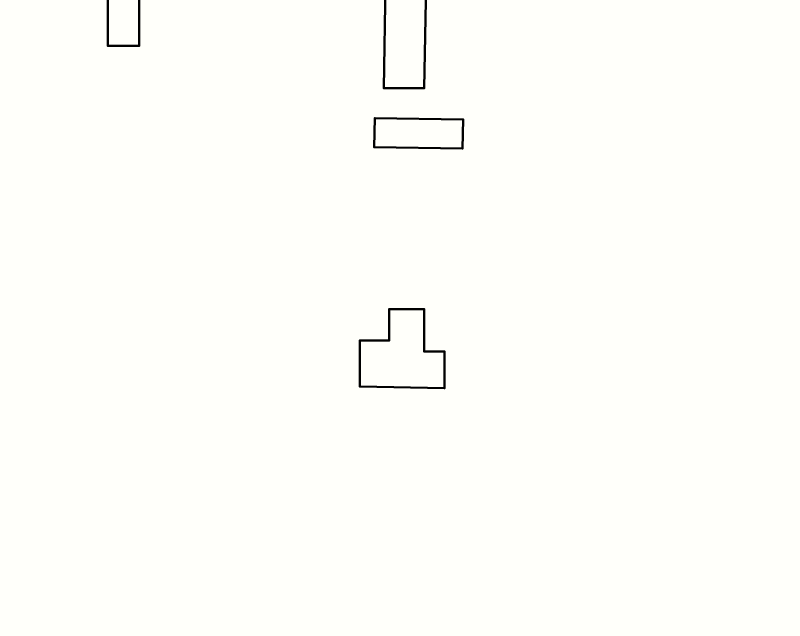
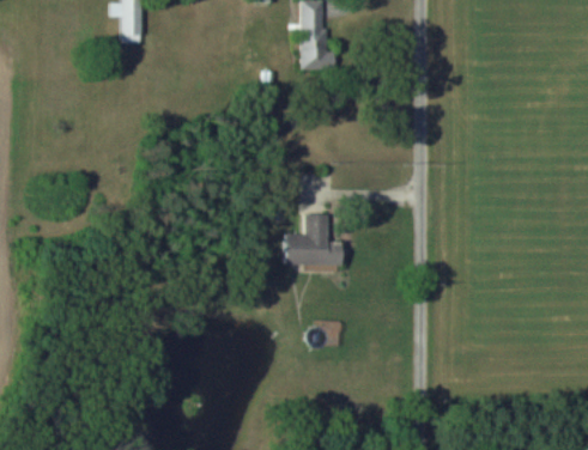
building: [374,118,463,149] -> none

